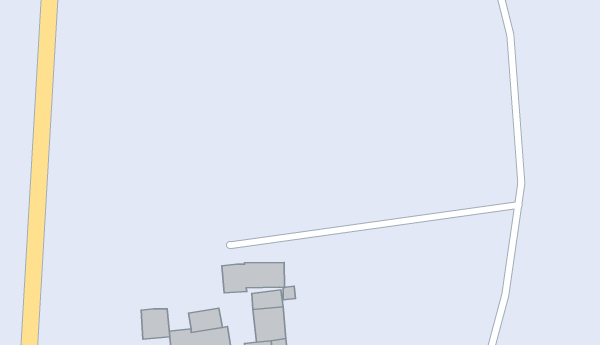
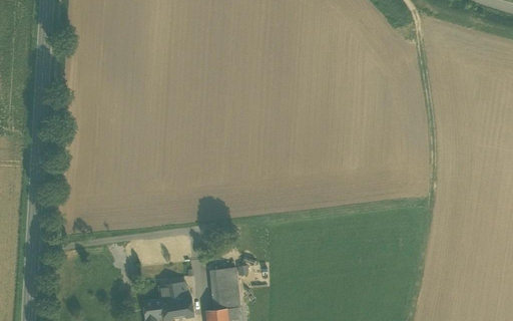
building: [222,262,285,293] -> none
building: [141,309,170,339] -> none

